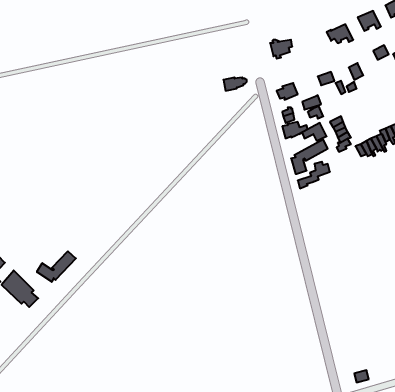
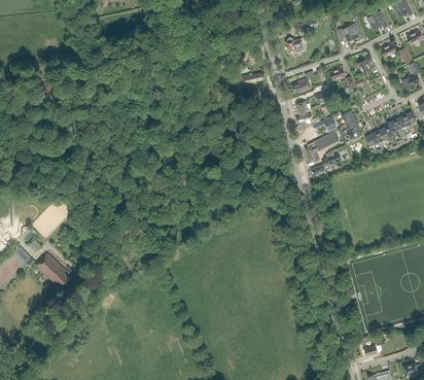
building: [37,251,76,282] -> none

